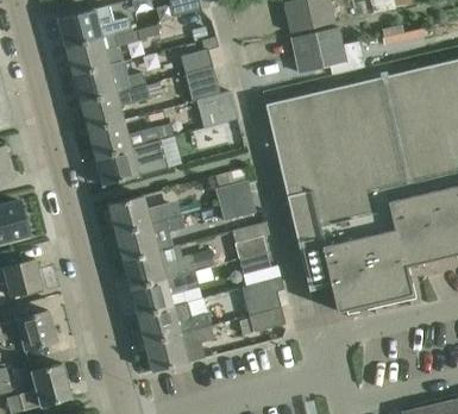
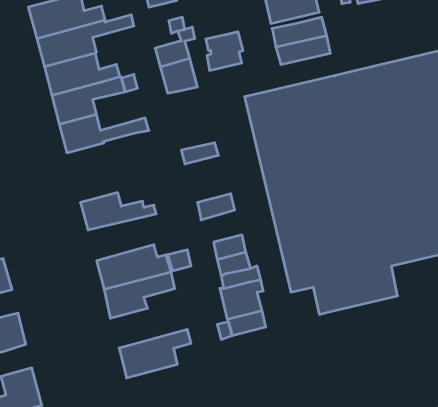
building: [199,92,234,128] -> [206,32,243,70]
building: [95,140,168,186] -> none
building: [215,169,252,205] -> none
building: [115,215,186,261] -> none
building: [137,299,211,344] -> none

